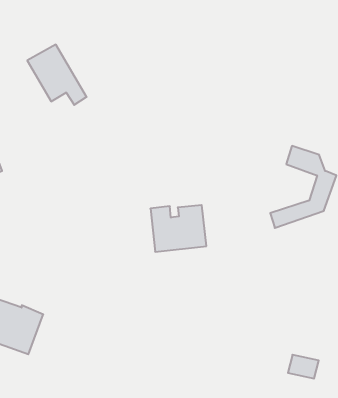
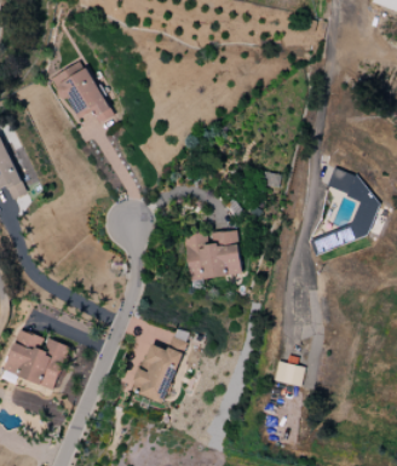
building: none -> [134,336,186,403]
building: [288,355,319,379] -> [272,361,305,386]

